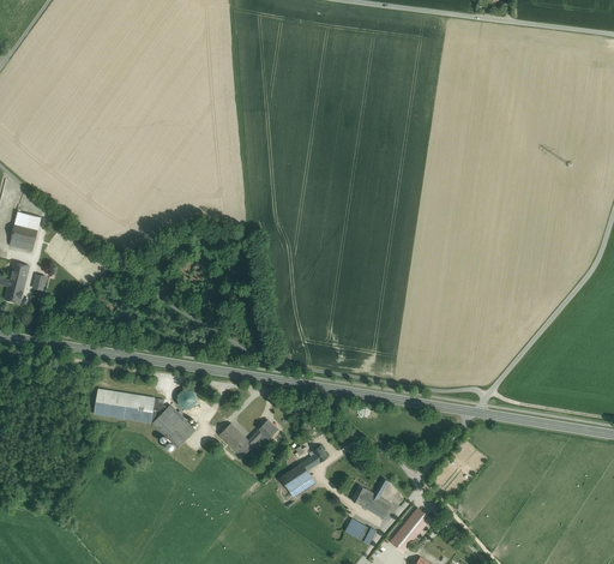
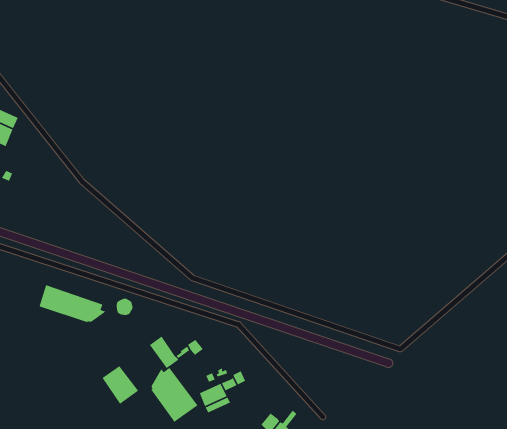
building: [152,406,194,448] -> [102,365,139,405]
building: none -> [150,367,199,423]

